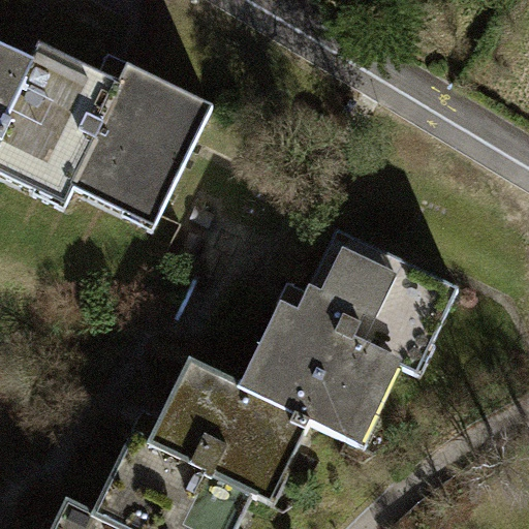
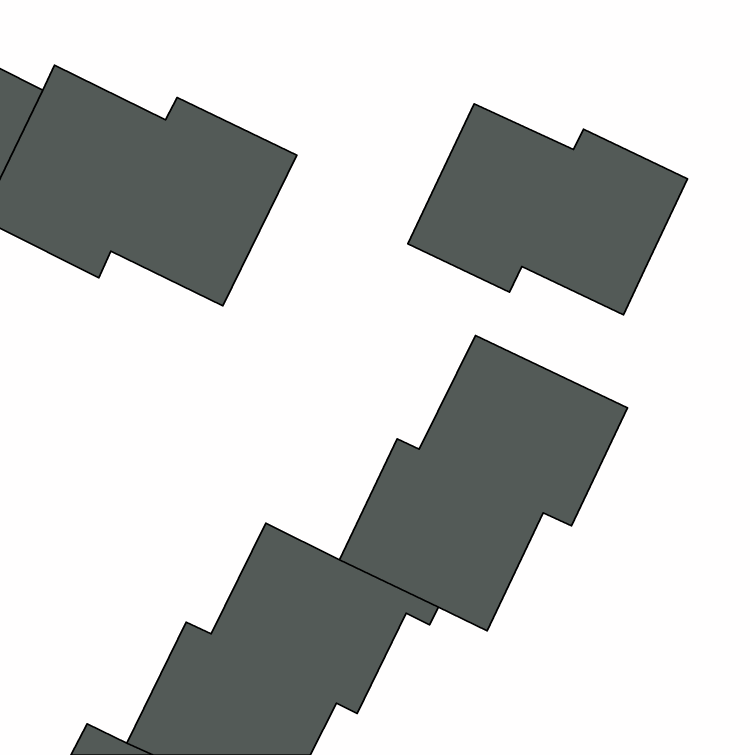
building: none -> [408,104,688,315]

